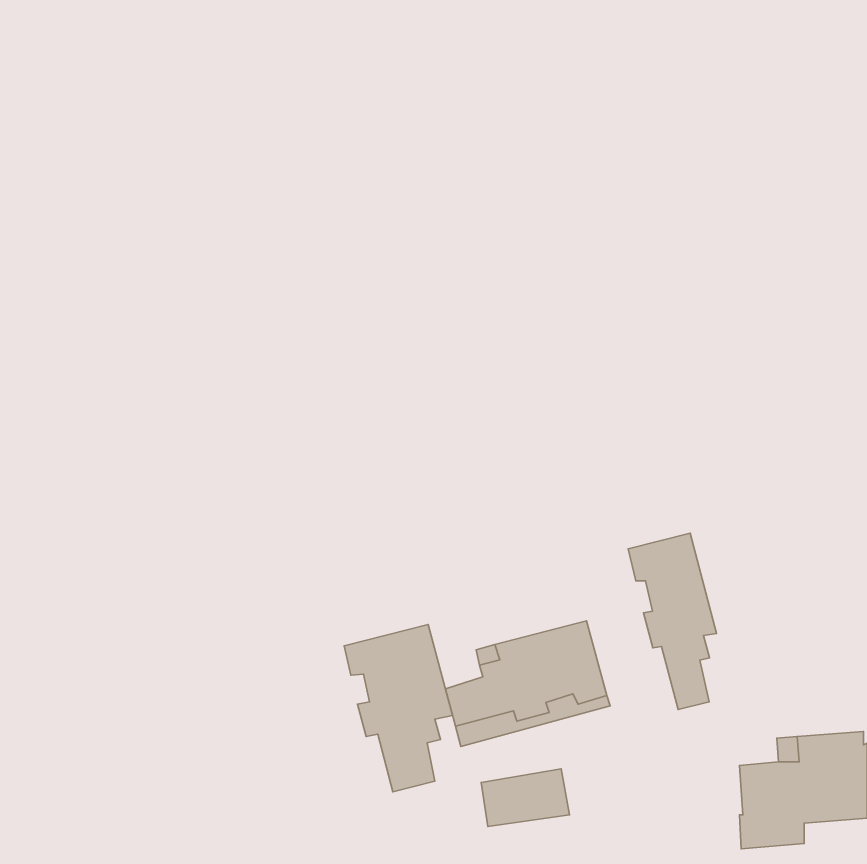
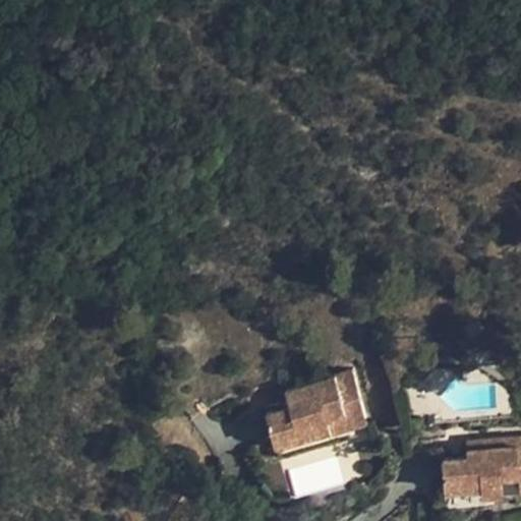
building: [628,533,717,710] -> none
building: [344,624,453,792] -> none

